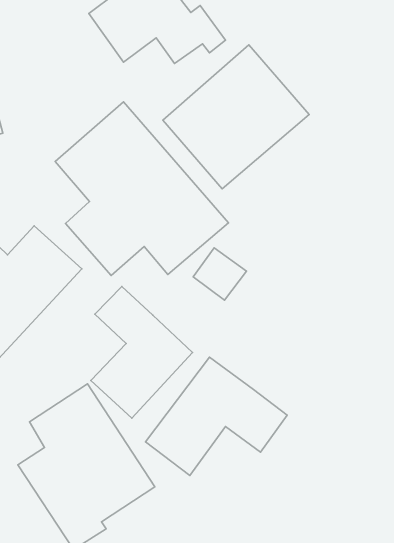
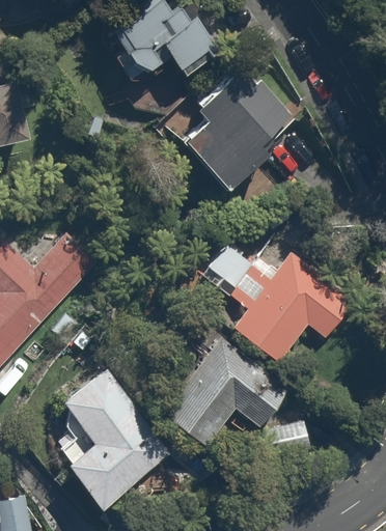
building: [55,102,229,276] -> none
building: none -> [227,245,361,367]
building: [91,286,192,418] -> none

